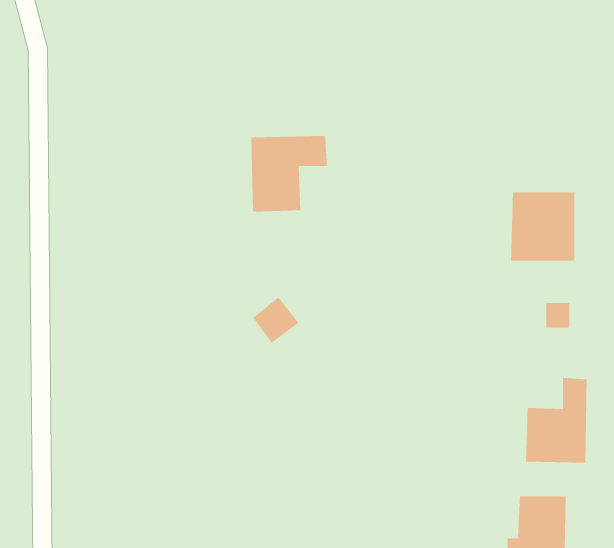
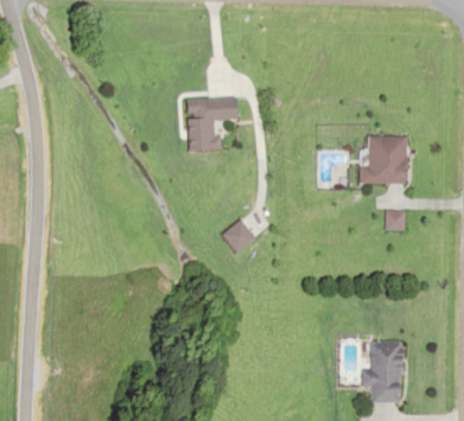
building: [252,296,300,344] -> [224,218,256,250]
building: [525,377,588,463] -> none

